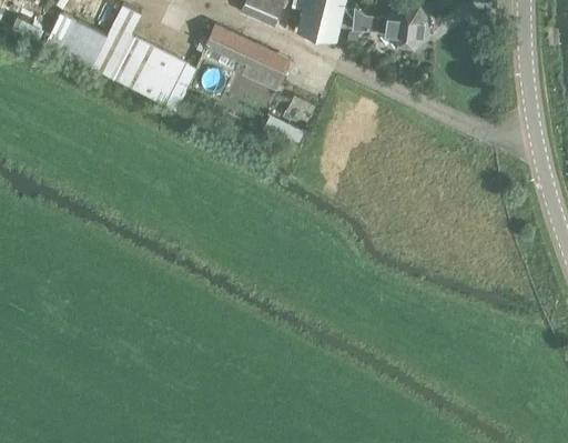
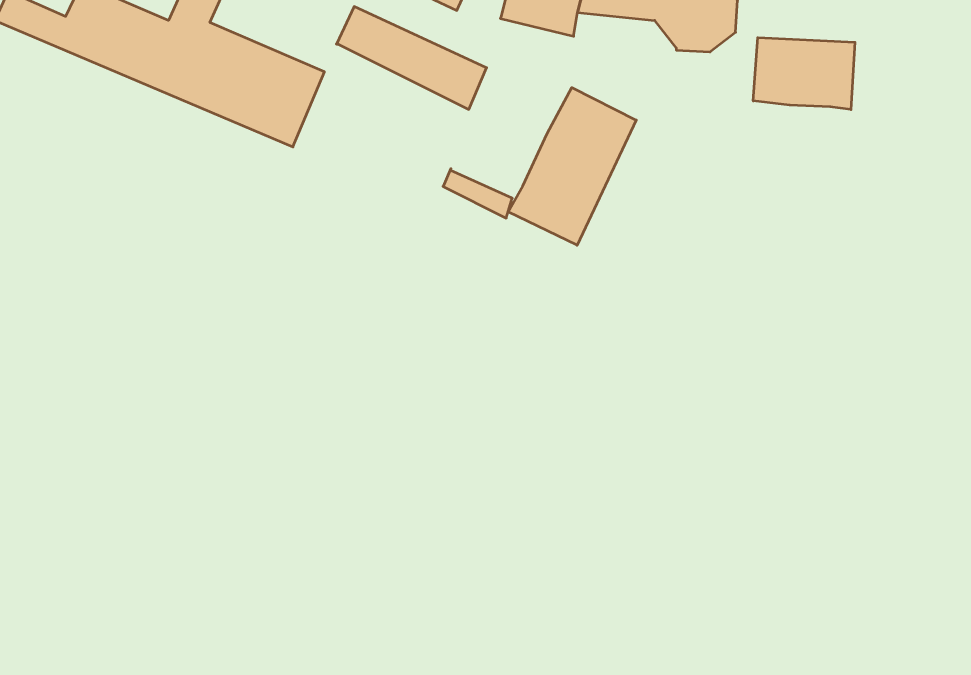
building: none -> [753,38,855,110]
building: none -> [508,88,636,245]

